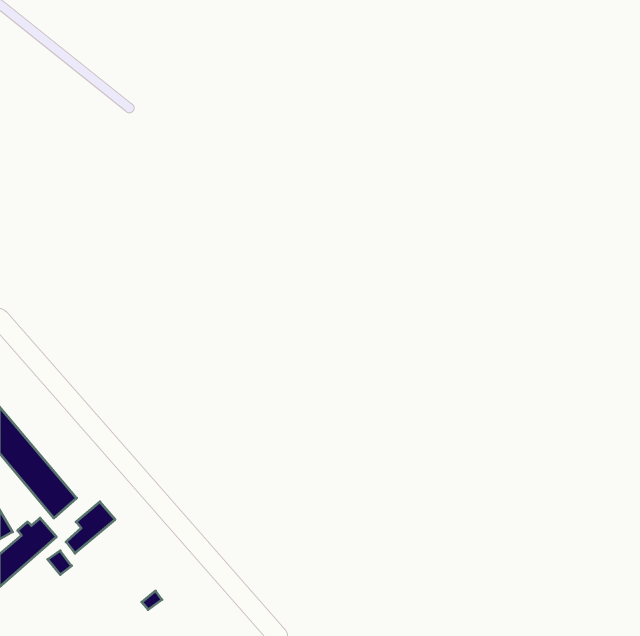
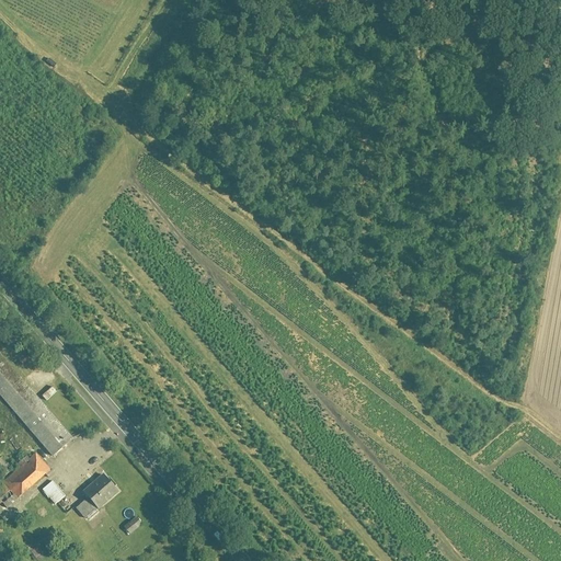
building: [66,502,115,553] -> [73,473,116,518]

